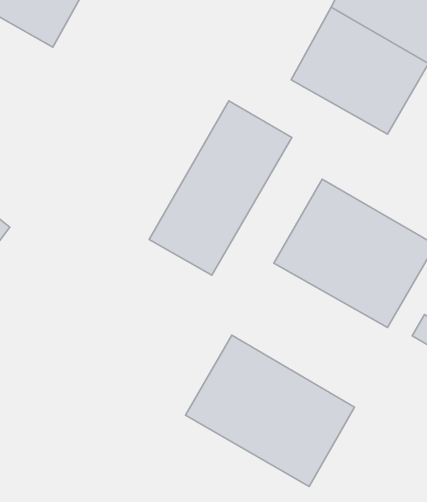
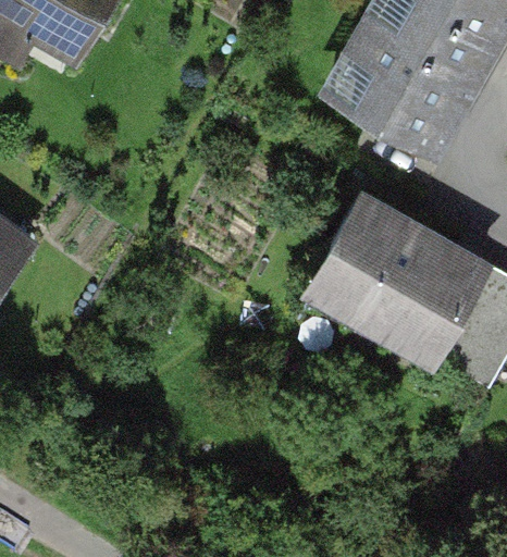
building: [149,101,292,275] -> none
building: [186,335,355,486] -> none

